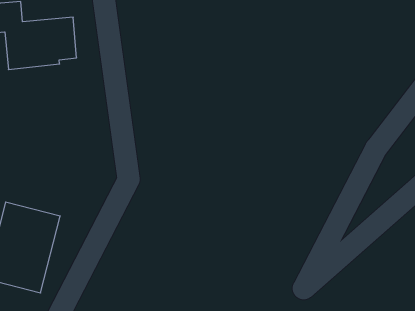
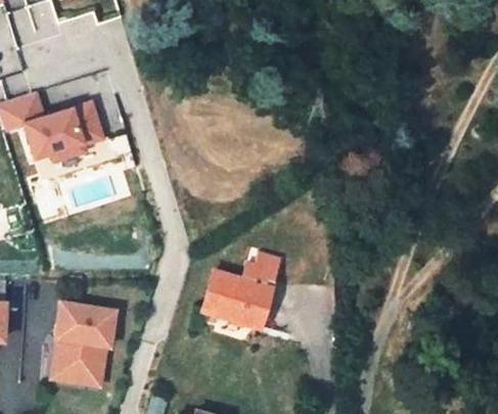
building: none -> [200,257,277,329]

